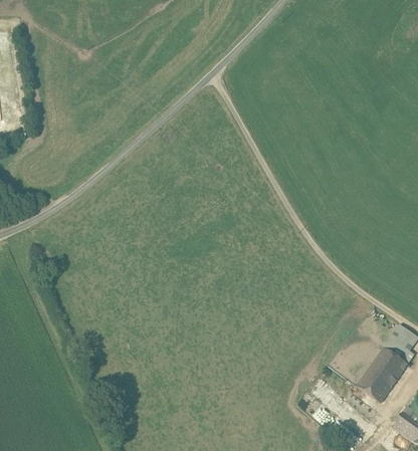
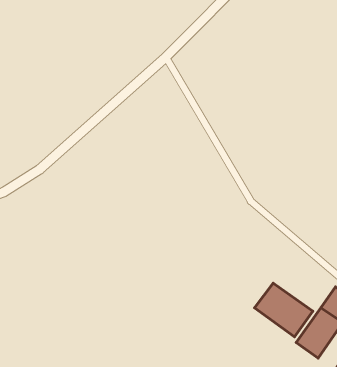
building: none -> [254,283,313,337]

